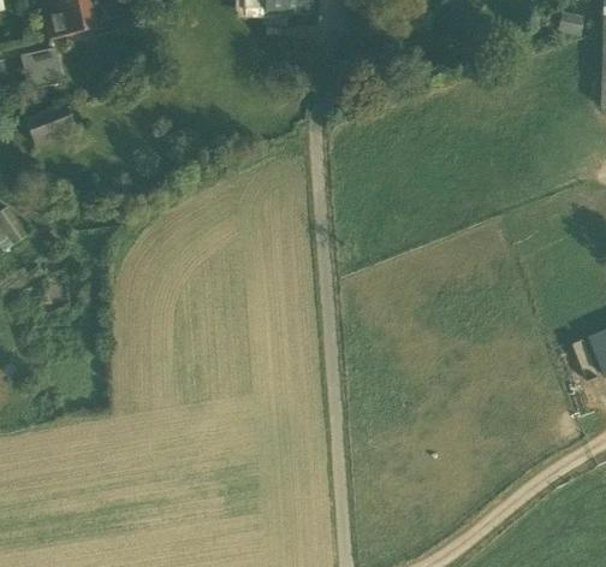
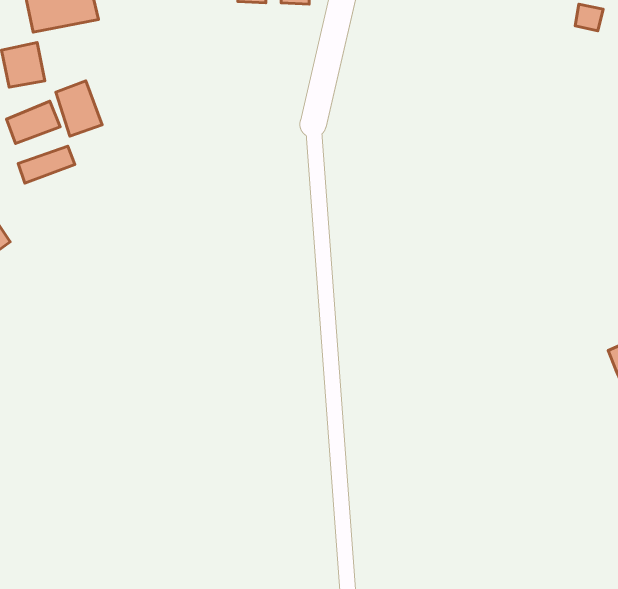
building: none -> [56,81,102,136]
building: none -> [18,146,75,183]

